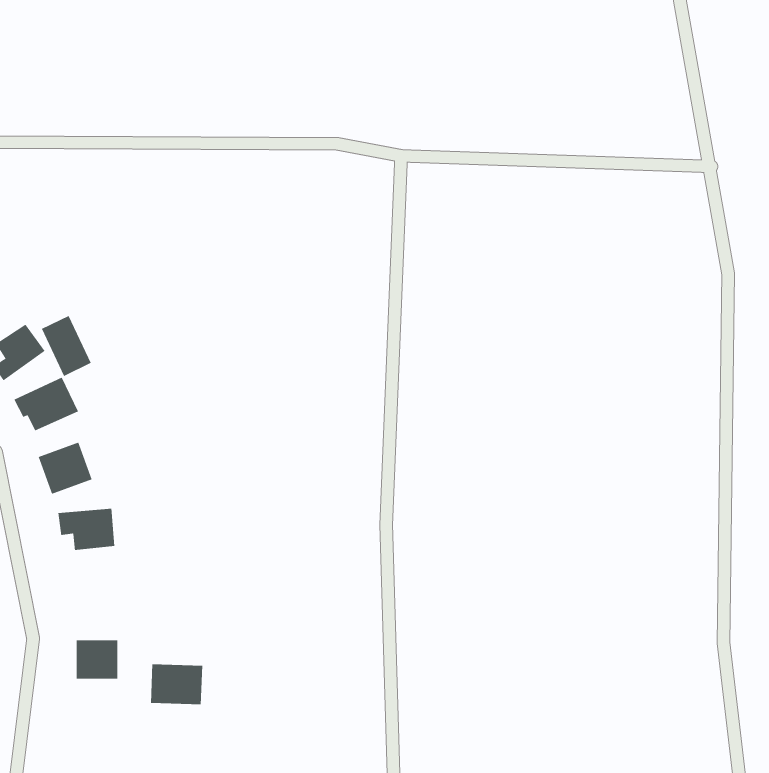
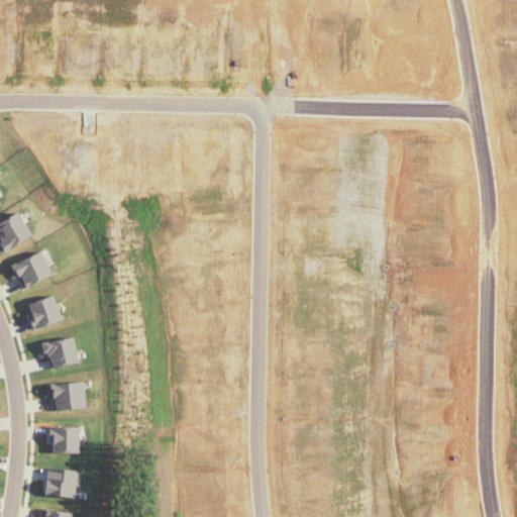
building: [41,315,91,377] -> none
building: none -> [46,383,85,410]
building: [150,664,203,705] -> [45,470,81,497]

